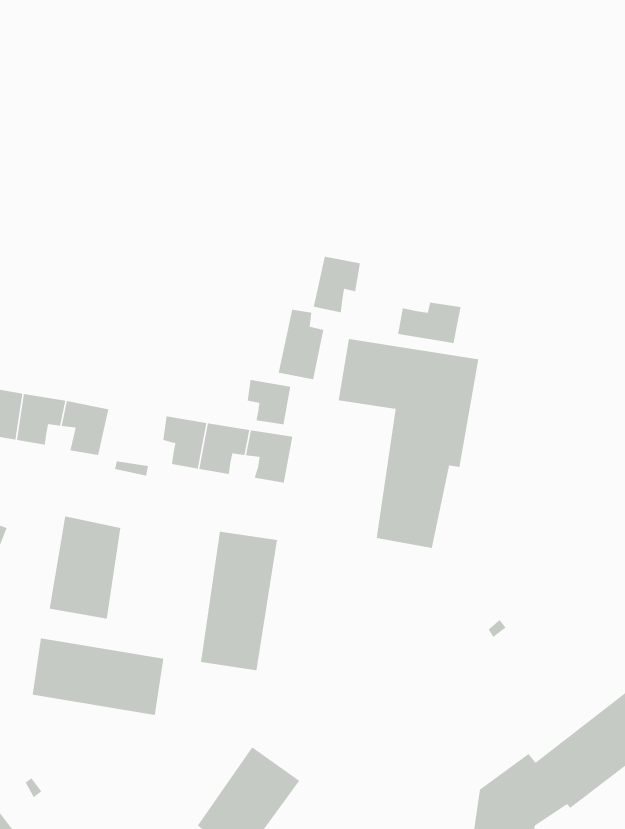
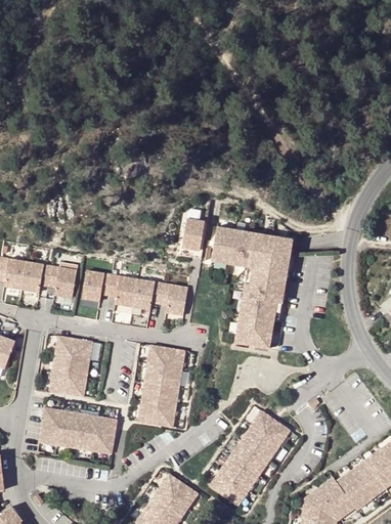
building: [313,256,361,313] -> none
building: [397,302,461,344] -> none
building: [247,379,291,425] -> none
building: none -> [83,271,113,301]
building: none -> [205,410,286,504]

